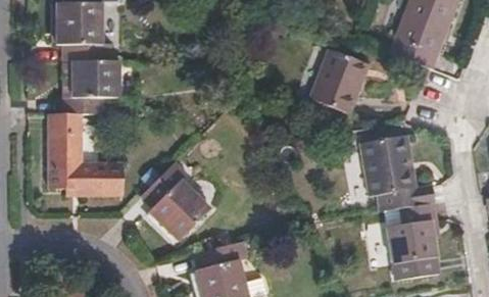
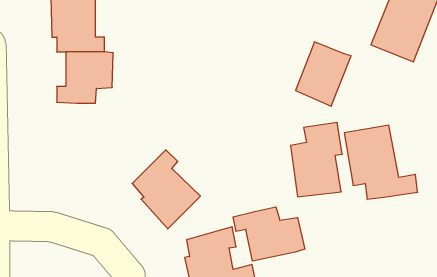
building: [49,110,124,195] -> none
building: [387,203,440,280] -> [291,123,342,197]
building: none -> [233,207,305,261]

